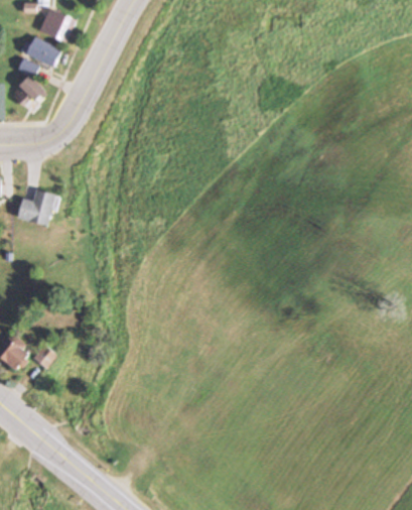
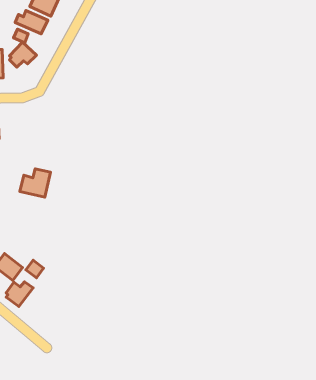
building: [17,189,55,225] -> [20,169,51,197]
building: none -> [6,282,33,307]

